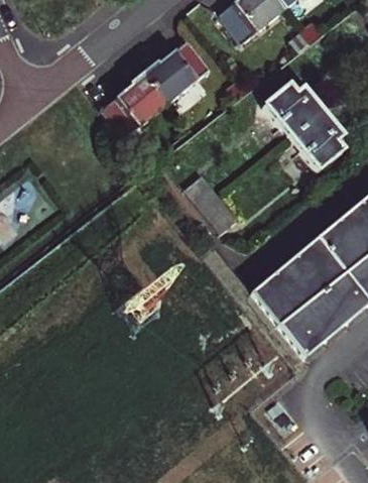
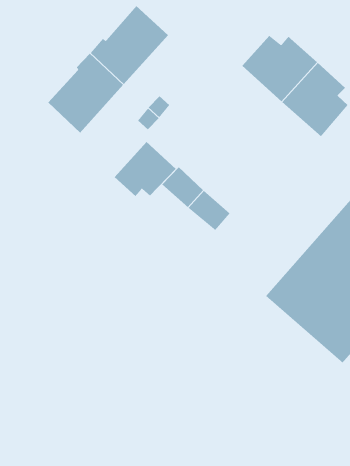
building: none -> [114,141,176,197]

